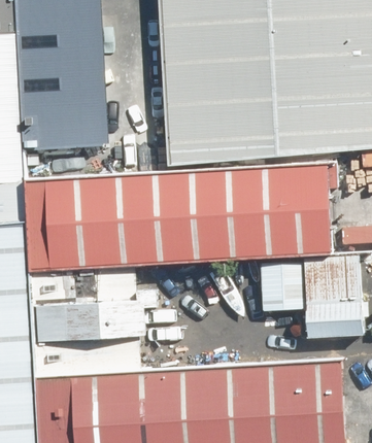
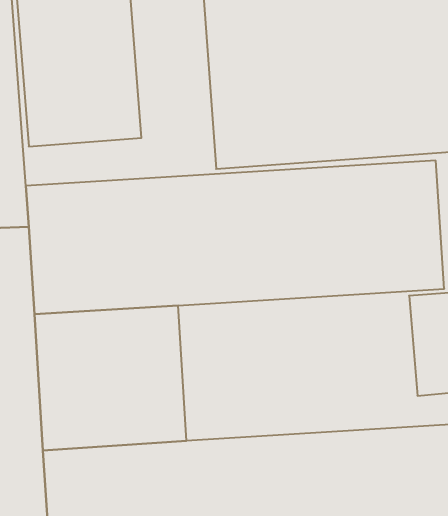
building: [262,262,308,306] -> none

